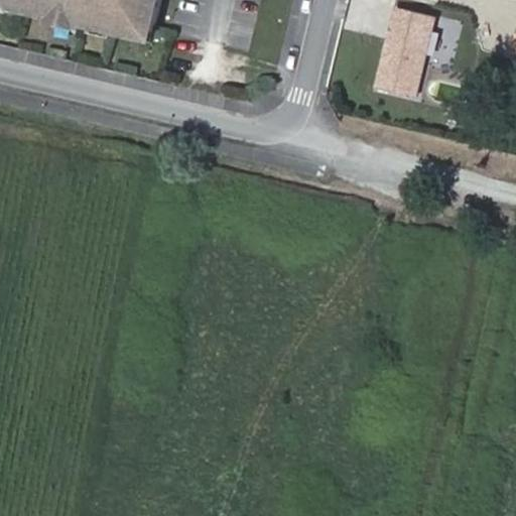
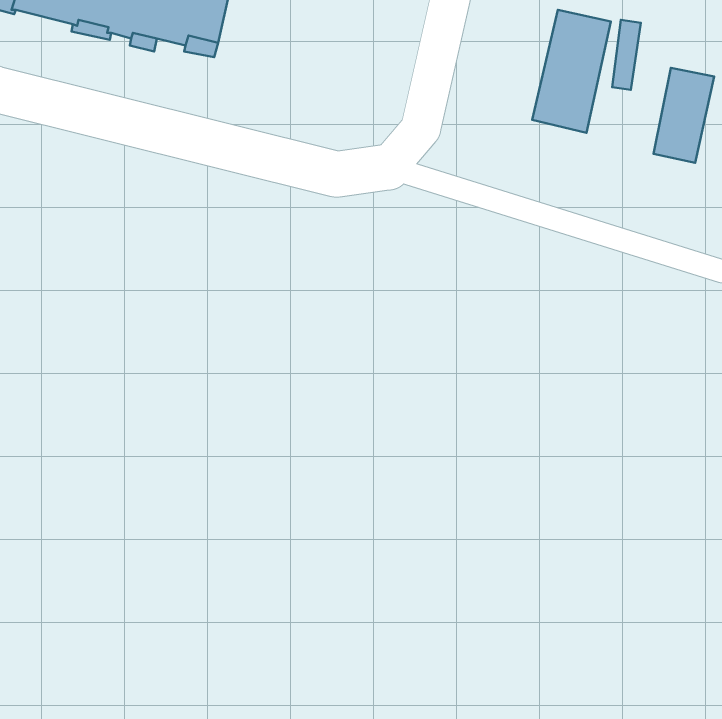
building: none -> [653,68,714,163]

